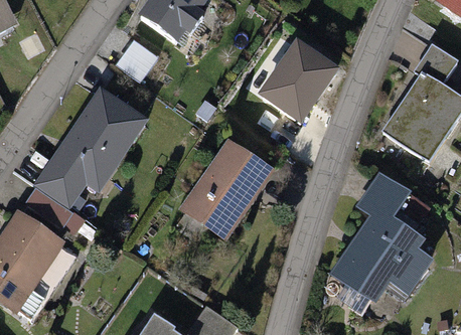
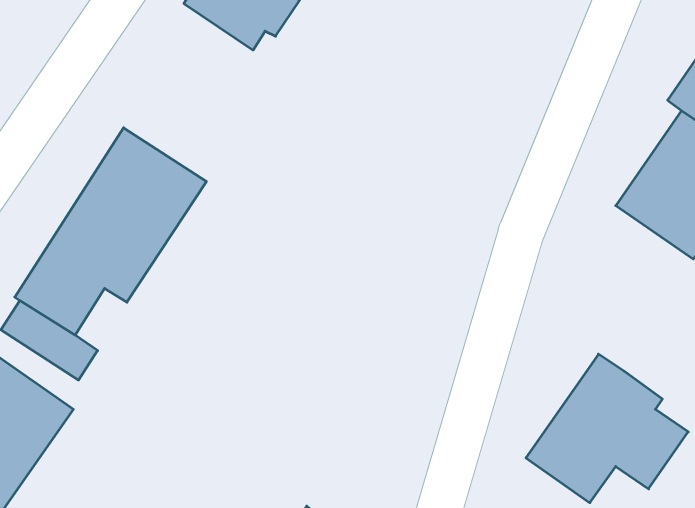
building: [114,37,156,80] -> none
building: [255,37,336,123] -> none
building: [182,138,269,233] -> none
building: [356,175,411,226] -> none

